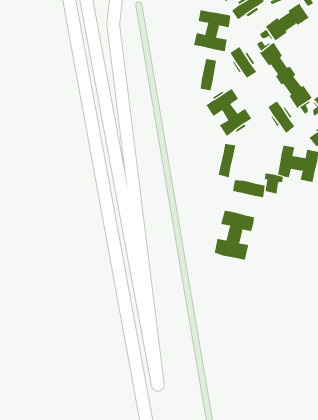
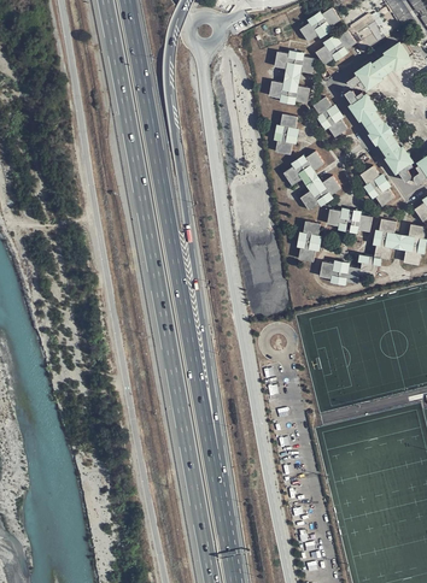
building: none -> [326,208,373,235]
building: [214,210,255,261] -> none

